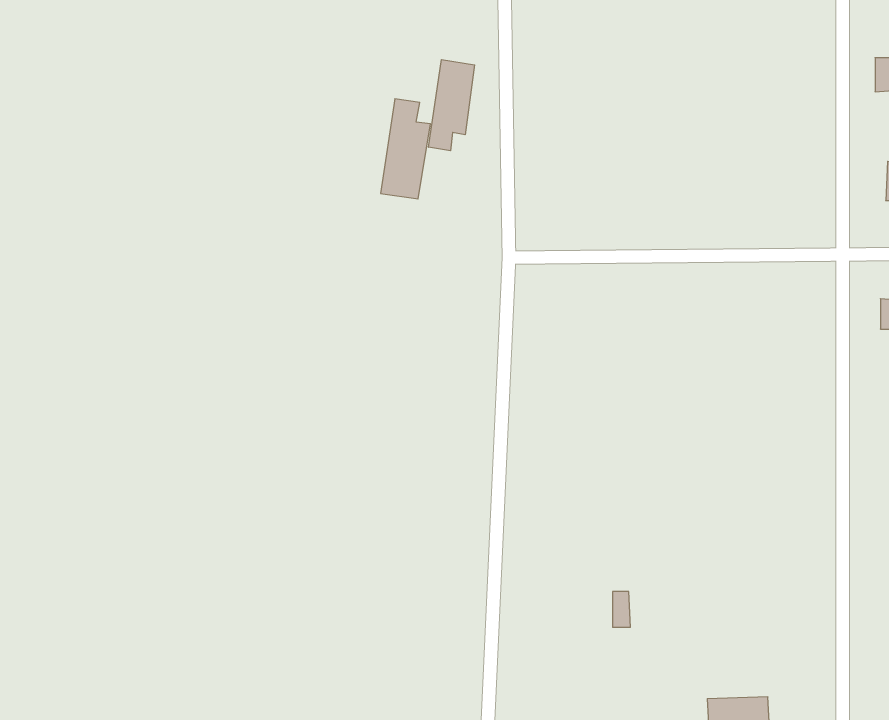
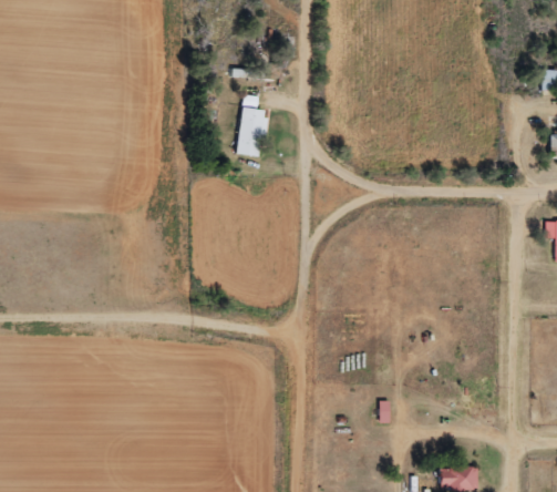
building: [428,60,475,151] -> none

